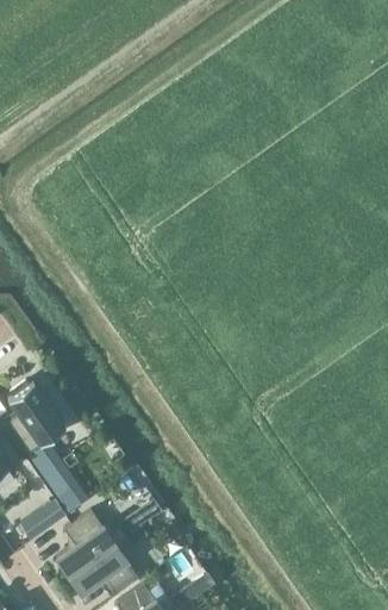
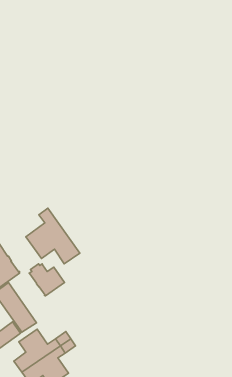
building: none -> [26,208,80,264]
building: none -> [29,264,65,296]

